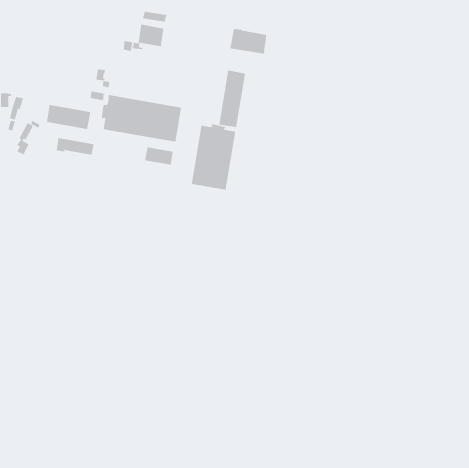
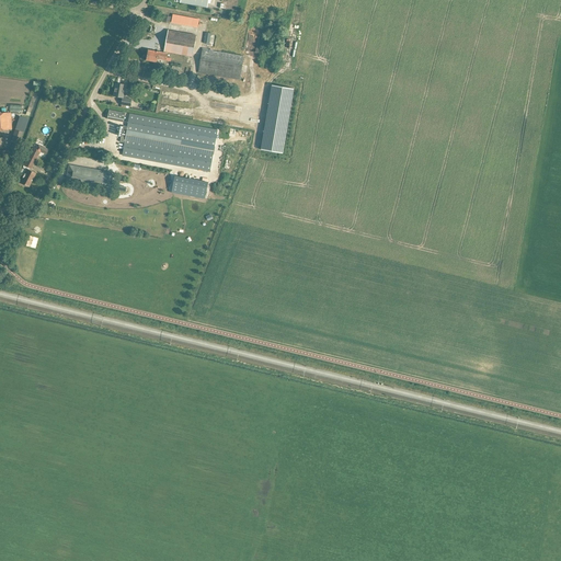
building: [229,28,267,54] -> [198,48,243,79]
building: [46,104,91,130] -> none
building: [191,124,236,191] -> none

